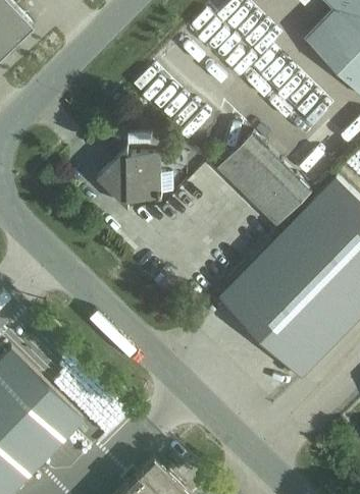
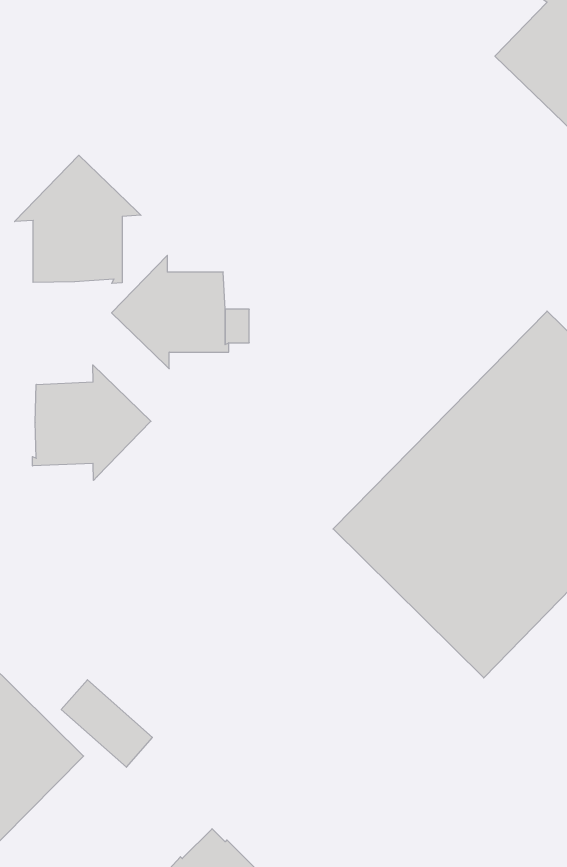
building: none -> [15,155,141,283]
building: [219,133,313,227] -> none
building: none -> [32,365,151,480]

